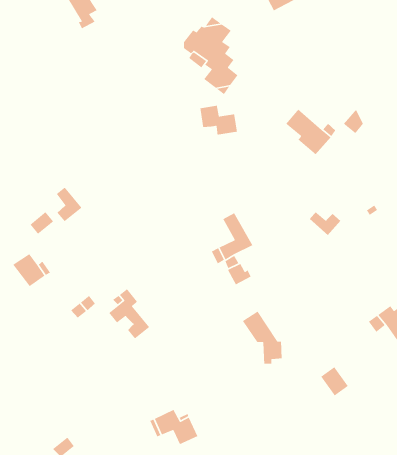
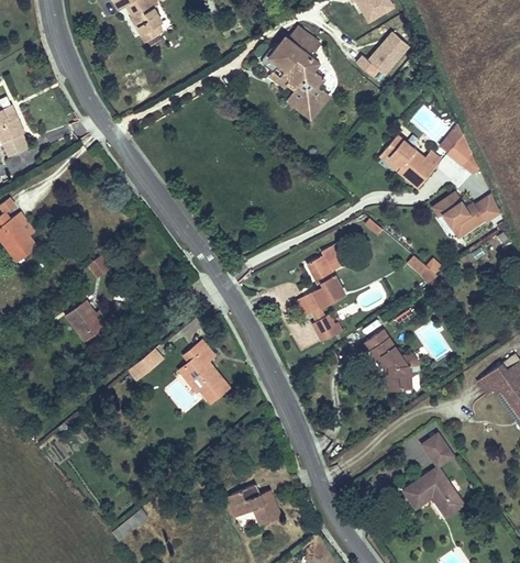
building: none -> [357,29,412,76]
building: [199,105,238,135] -> none
building: none -> [432,188,504,238]
building: [56,187,82,222] -> none
building: [242,310,283,365] -> [364,330,411,393]
building: none -> [403,468,463,517]

